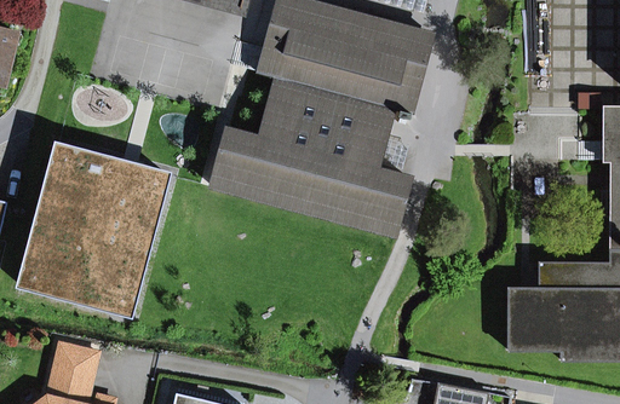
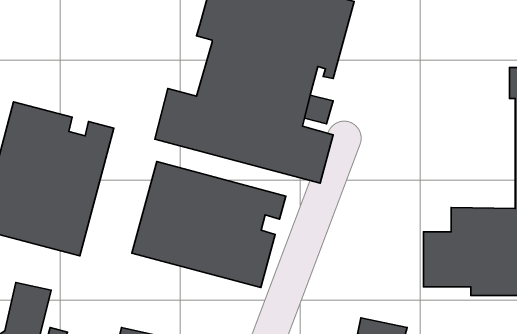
building: none -> [132,162,286,288]

